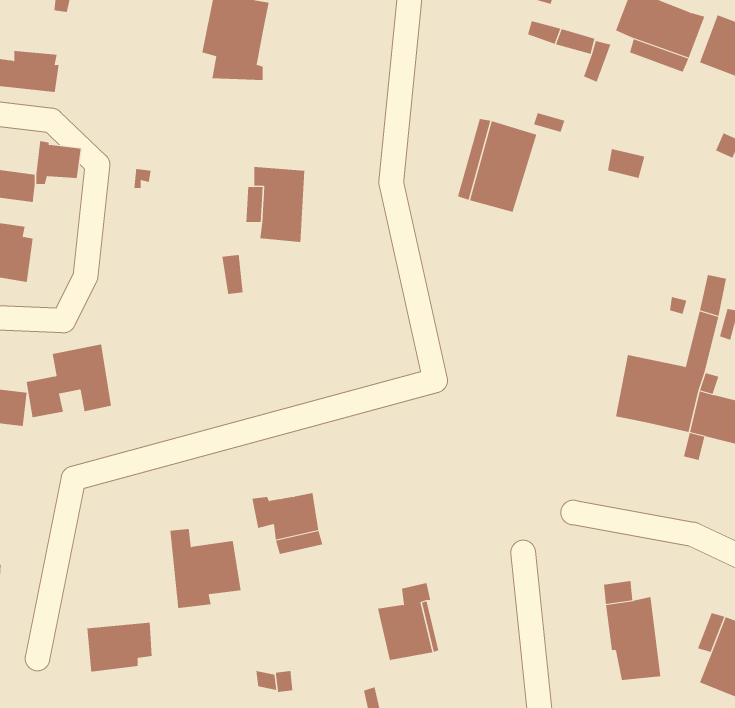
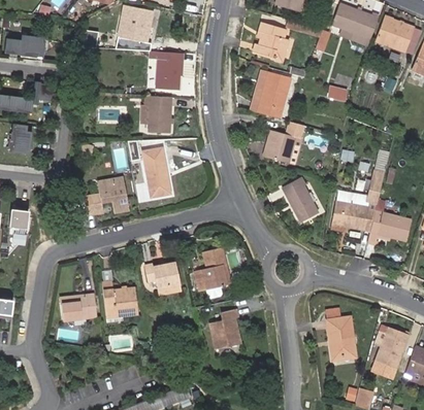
building: none -> [254,23,289,60]
building: none -> [150,50,181,90]
building: none -> [263,122,304,164]
building: none -> [143,148,171,198]
building: none -> [282,178,319,223]
building: [26,344,112,418] -> [85,177,129,215]
building: none -> [195,247,231,299]
building: [87,622,153,672] -> [61,295,95,320]

